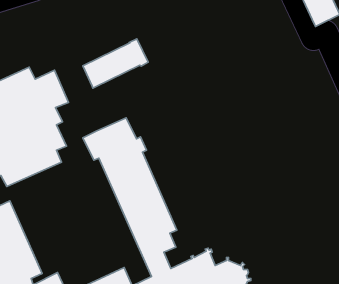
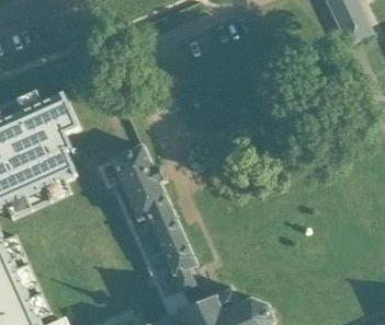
building: [83,39,148,88] -> none

